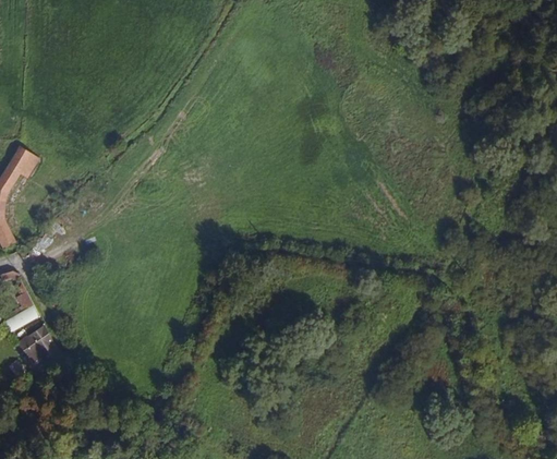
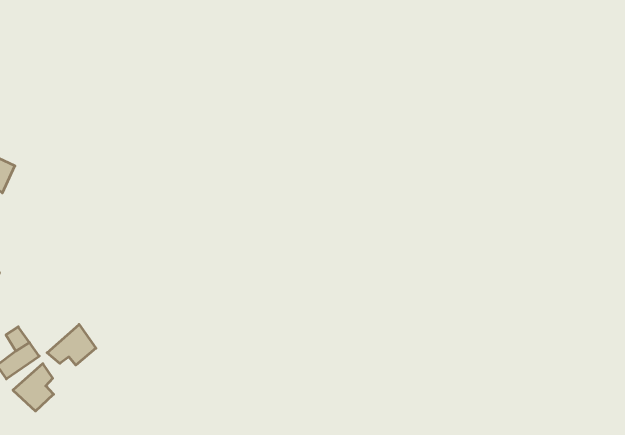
building: none -> [47,324,96,365]

